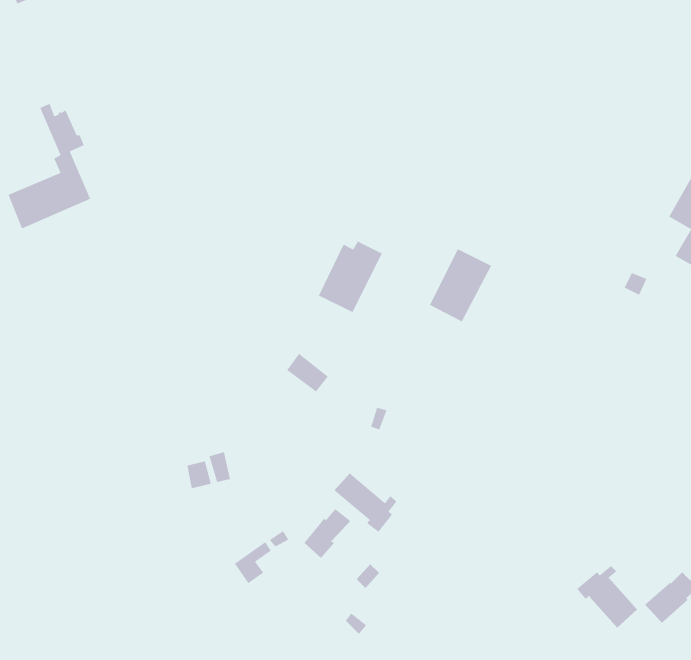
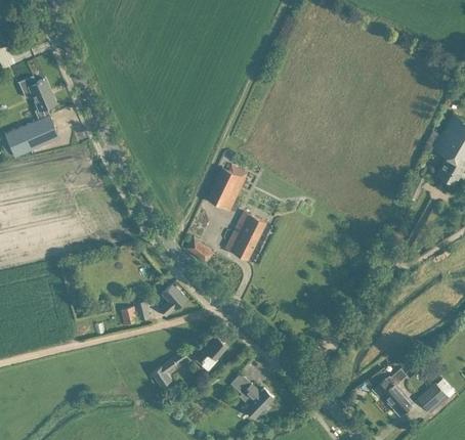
building: [429,248,492,323] -> [225,211,266,259]
building: none -> [160,282,187,316]
building: [334,472,397,533] -> none
building: none -> [244,383,273,419]

